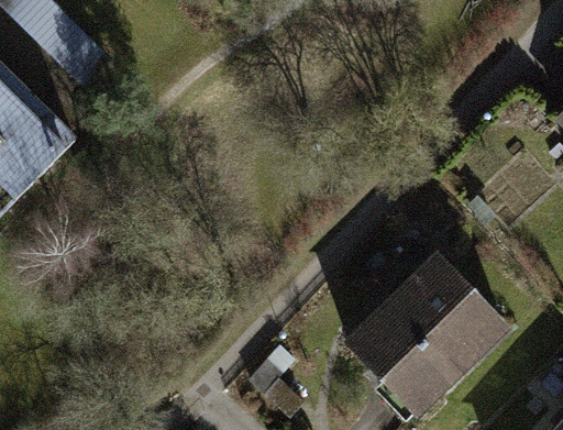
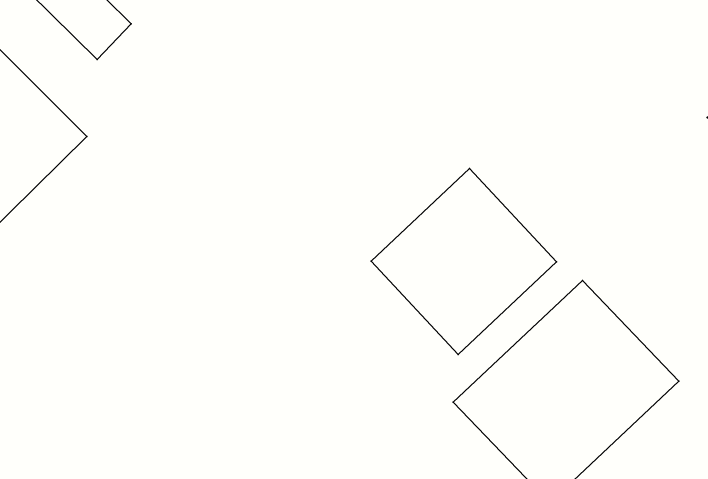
building: none -> [371,169,557,355]

